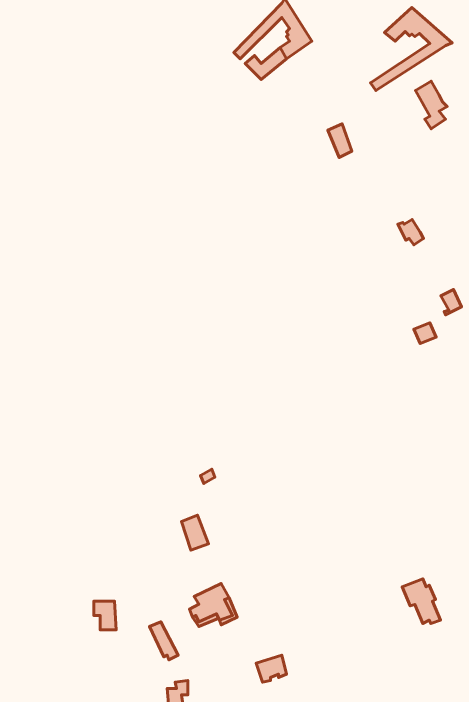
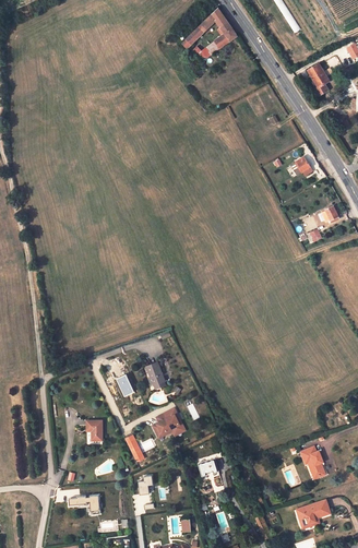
building: [371,7,452,91] -> none
building: [402,579,440,623] -> [299,446,325,477]

